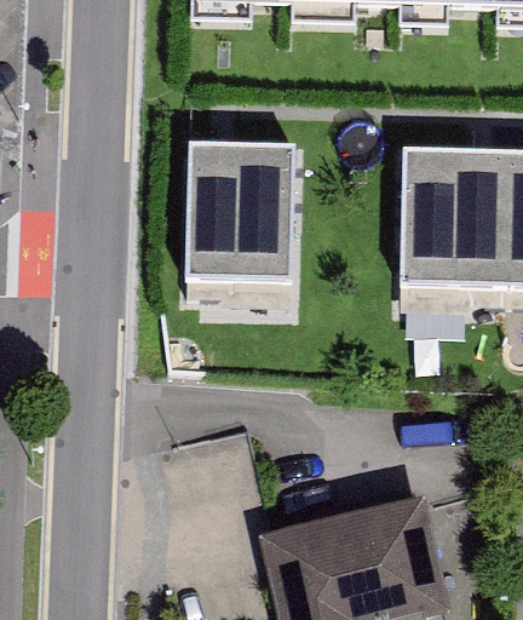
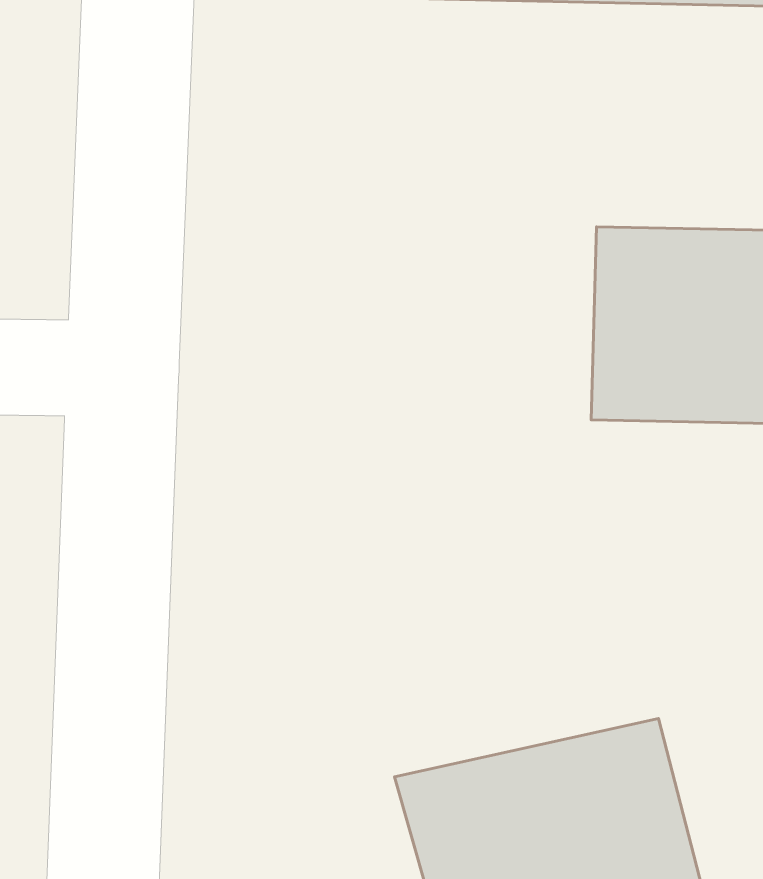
building: [185,148,288,285] -> none

